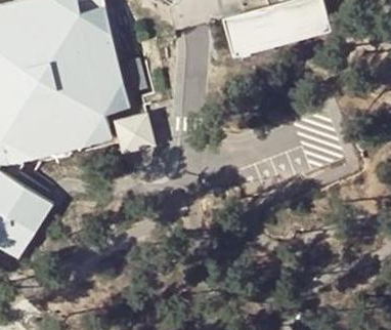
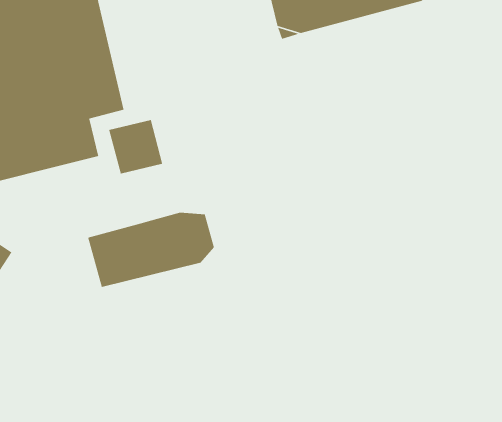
building: none -> [87,212,215,288]

